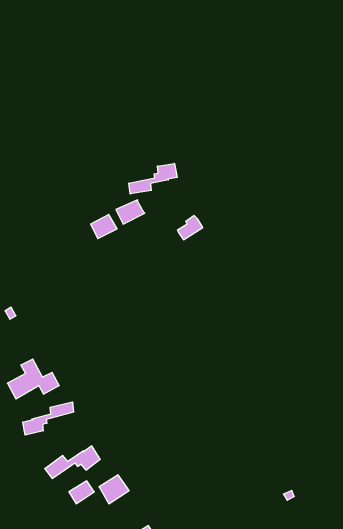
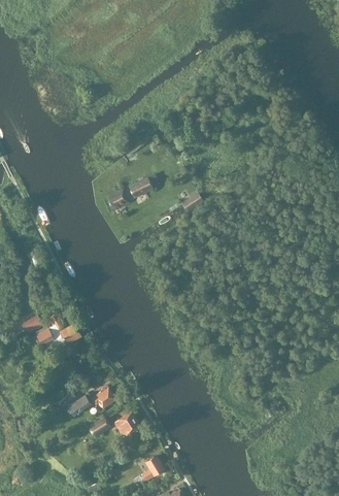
building: [129,163,177,194] -> none
building: [23,402,73,435] -> none

